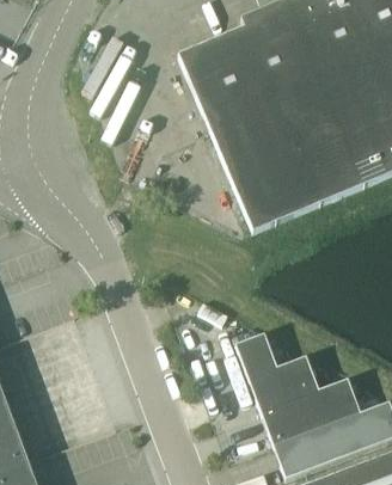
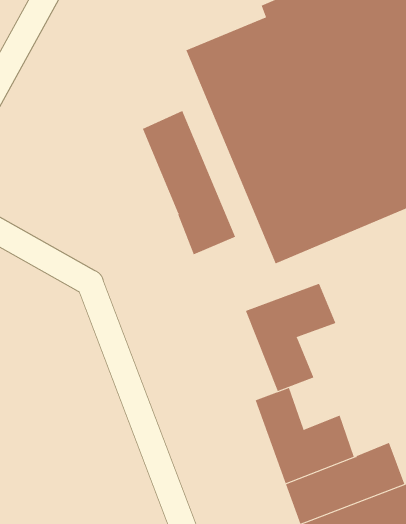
building: none -> [142,110,236,255]
building: none -> [245,282,336,392]

